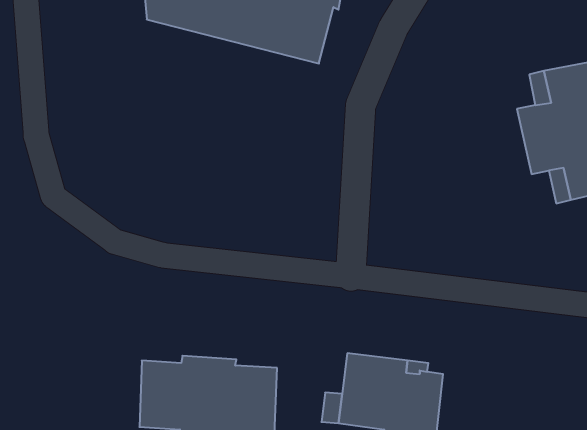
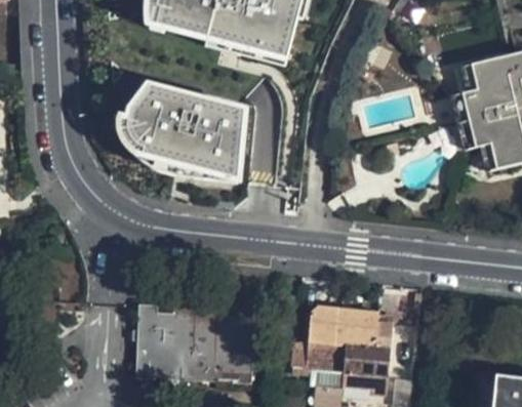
building: none -> [118,82,248,180]

